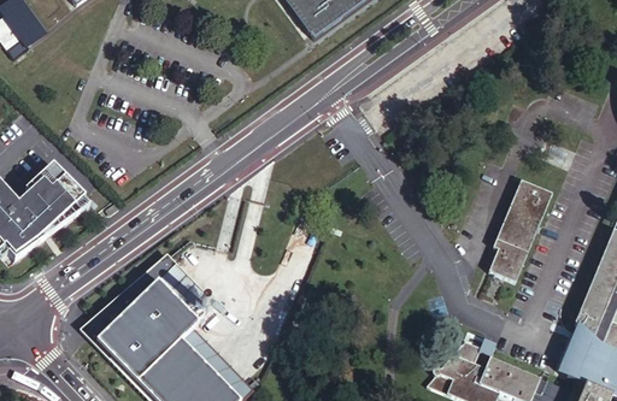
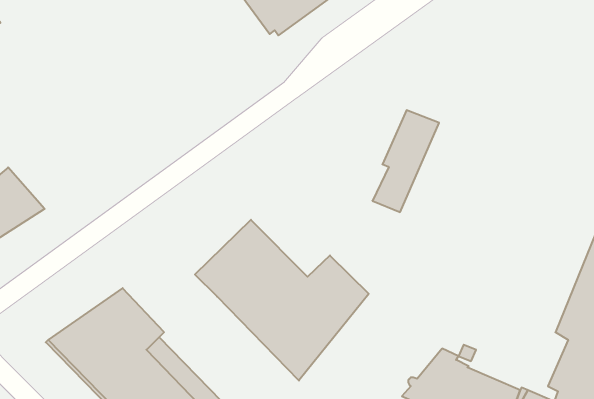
building: [490,181,554,278] -> [372,110,439,212]
building: none -> [195,220,369,381]

